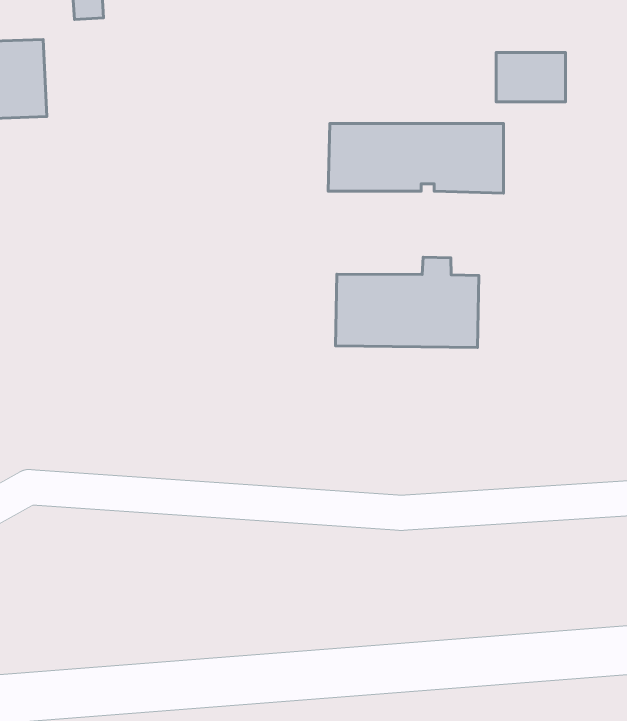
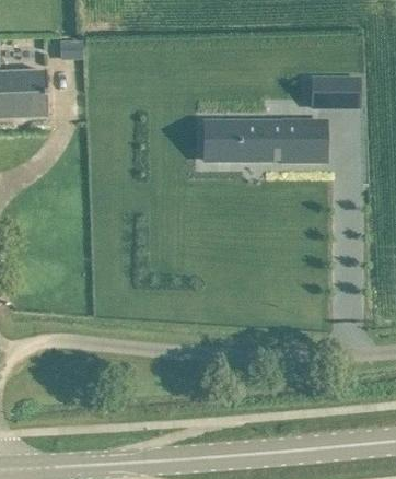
building: [335,257,479,347] -> none

